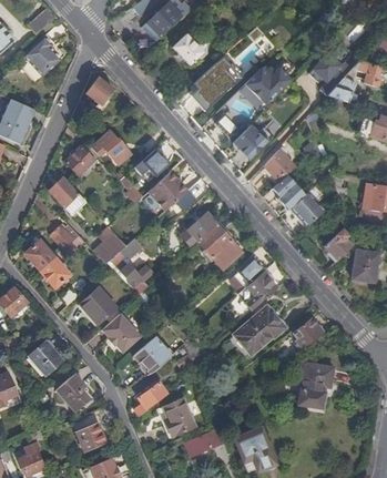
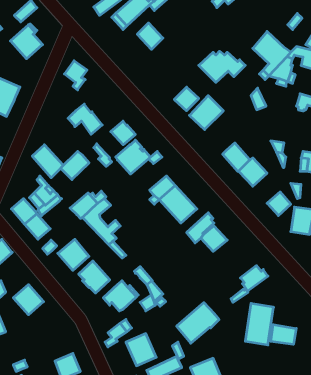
building: [190,57,240,111] -> none
building: [65,141,99,174] -> [61,151,89,180]
building: [261,151,293,183] -> none
building: [234,306,284,354] -> [177,303,219,343]
building: [55,374,90,411] -> none
building: none -> [271,325,296,344]

